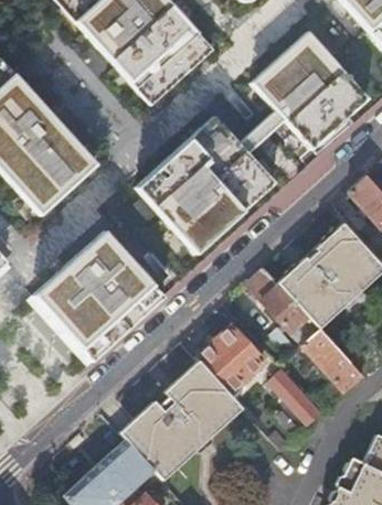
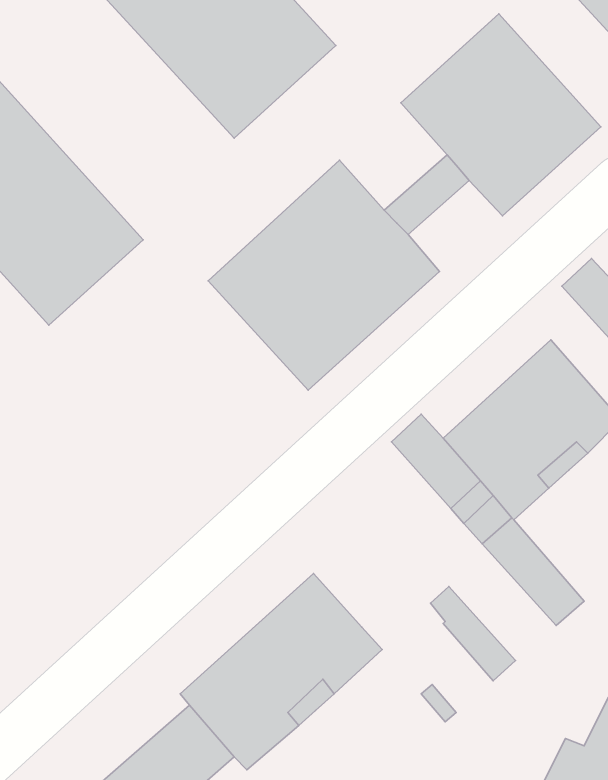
building: [34,232,166,363] -> none
building: [197,326,264,395] -> none

